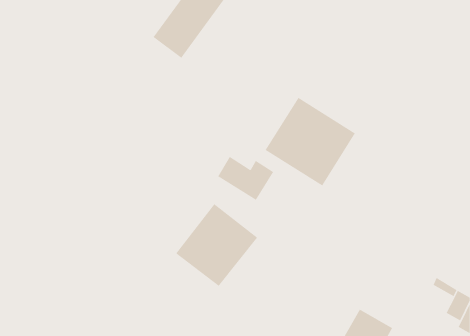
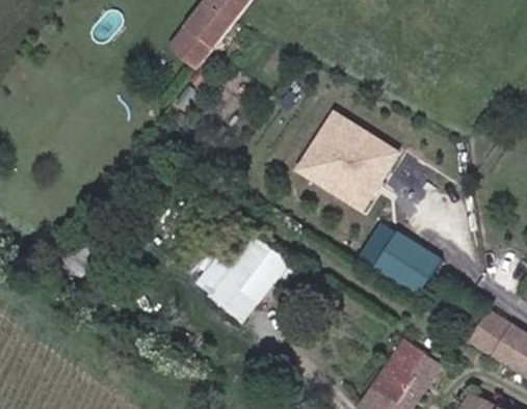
building: [217,156,274,201] -> none
building: none -> [359,223,440,297]

